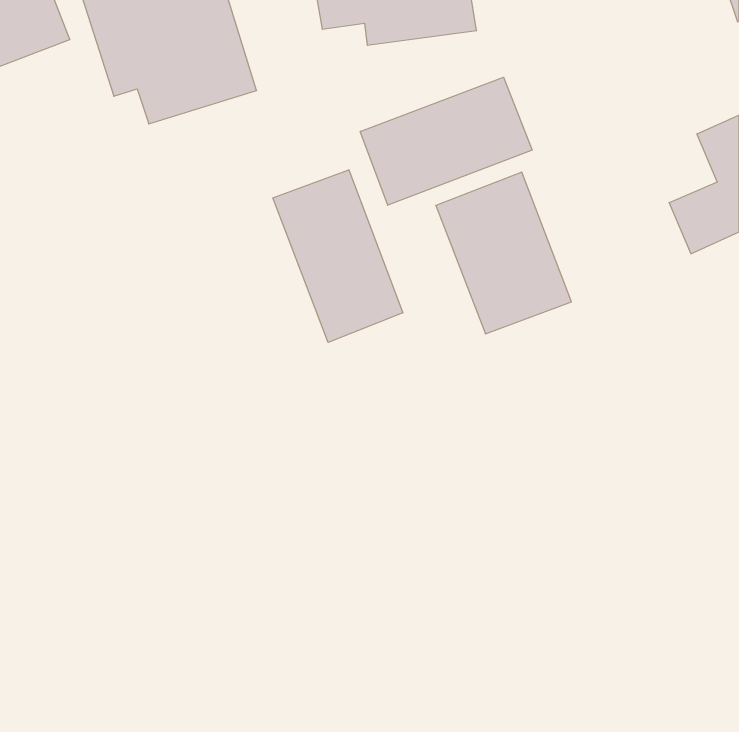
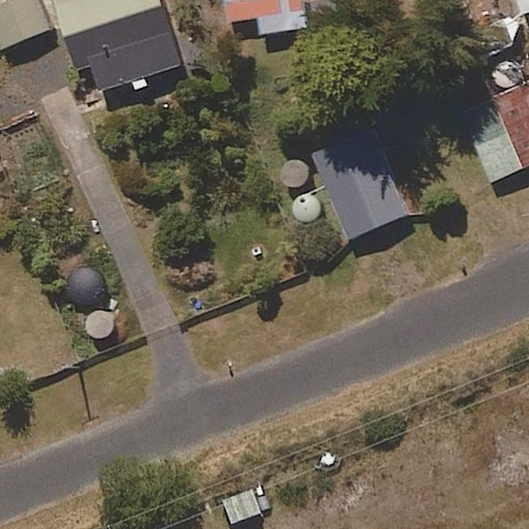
building: [360,77,532,205] -> none
building: [273,170,403,342] -> none

